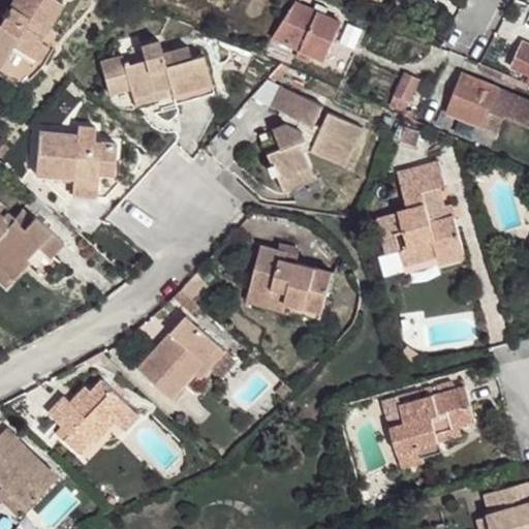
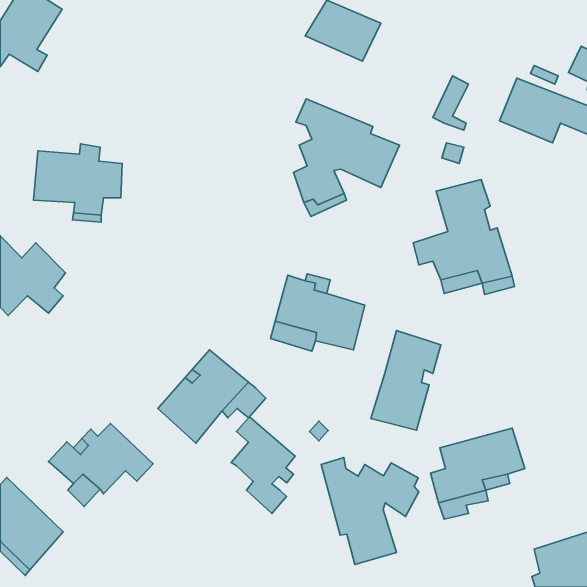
building: [96,43,208,101] -> none
building: none -> [371,330,441,430]
building: none -> [231,417,295,513]
building: none -> [321,458,419,565]

